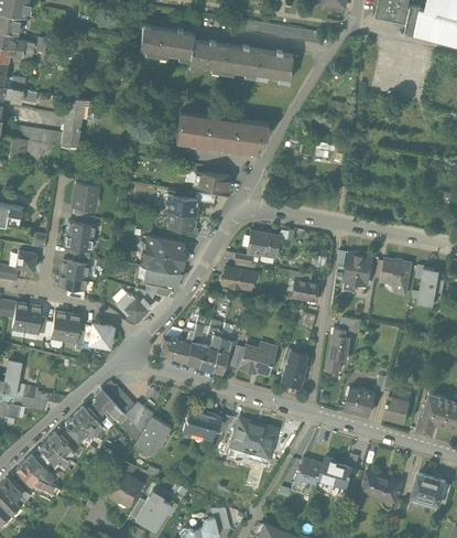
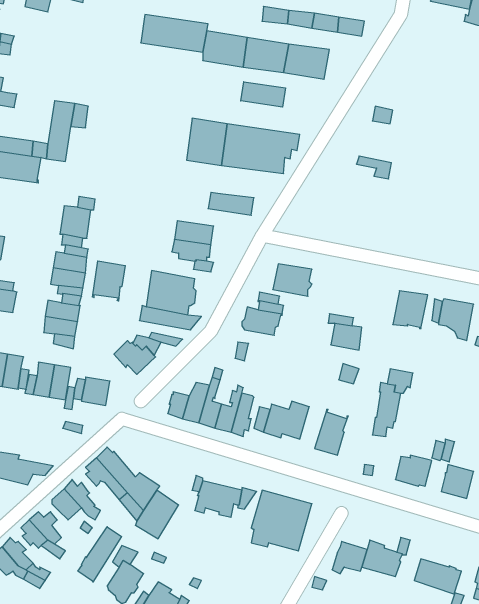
building: none -> [241,82,285,107]
building: none -> [93,261,125,301]
building: none -> [78,527,122,582]

